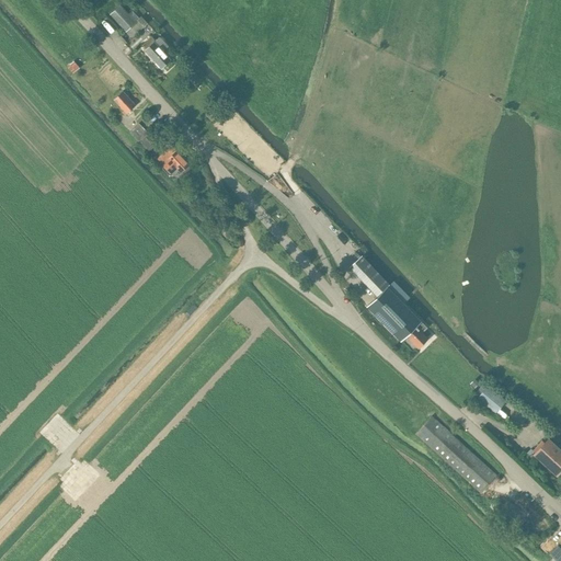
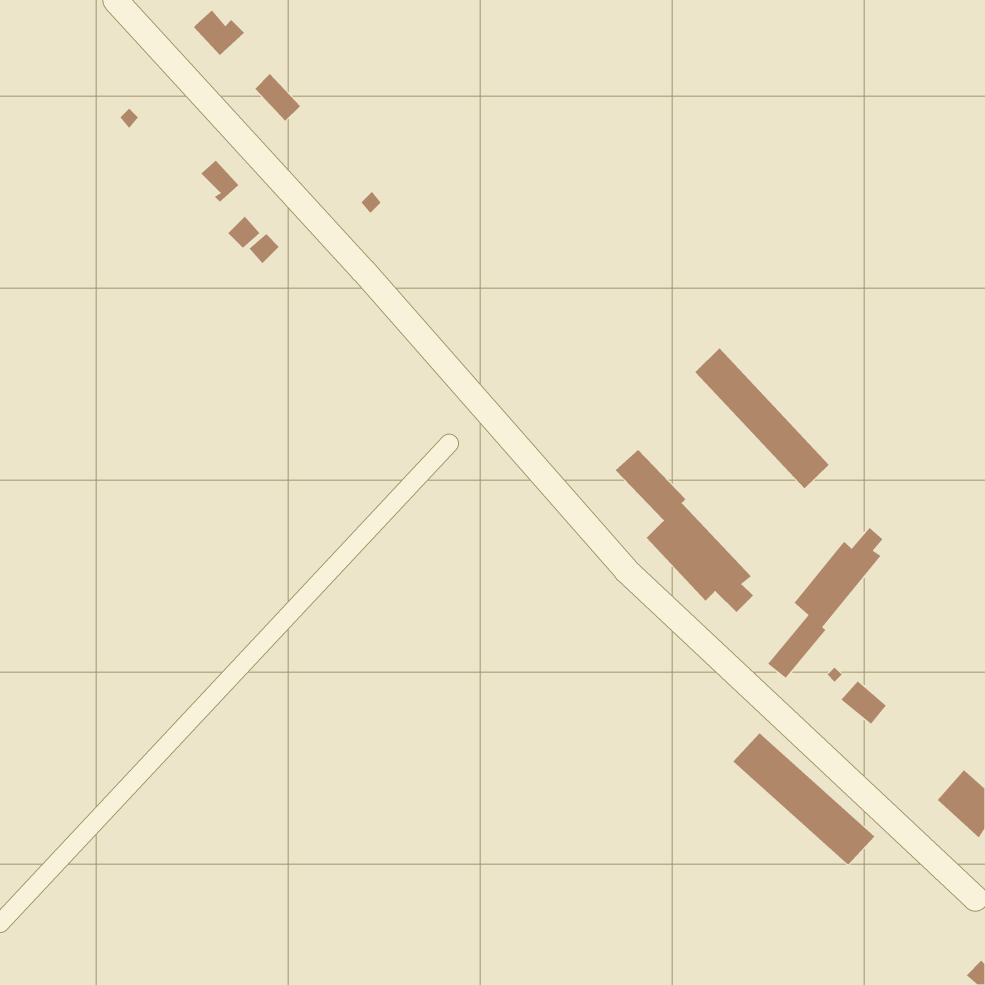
building: [158,147,190,173] -> none
building: none -> [694,348,830,489]
building: none -> [767,527,883,679]

